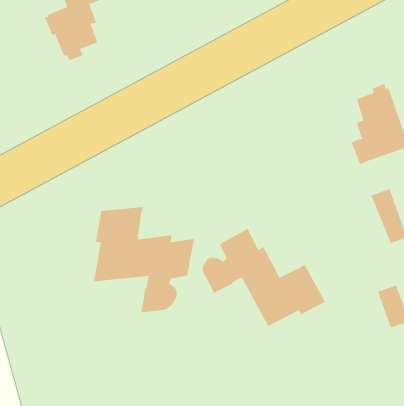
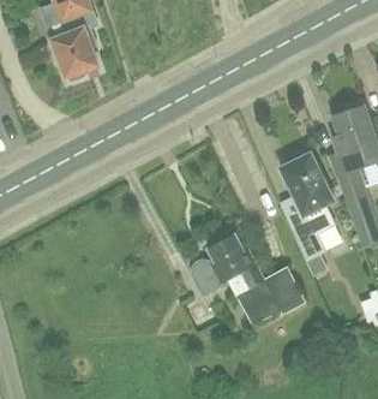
building: none -> [280,150,334,258]
building: [94,206,194,313] -> none

